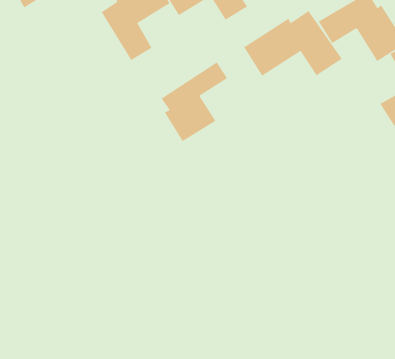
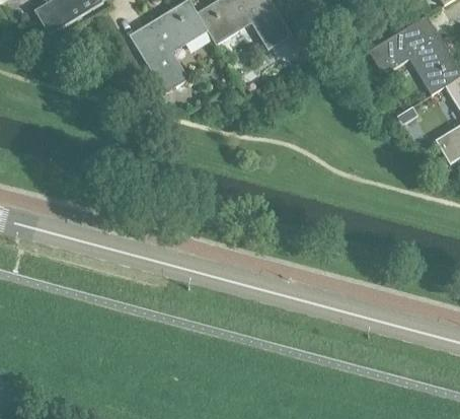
building: [236,10,342,76] -> none
building: [161,61,228,151] -> none

